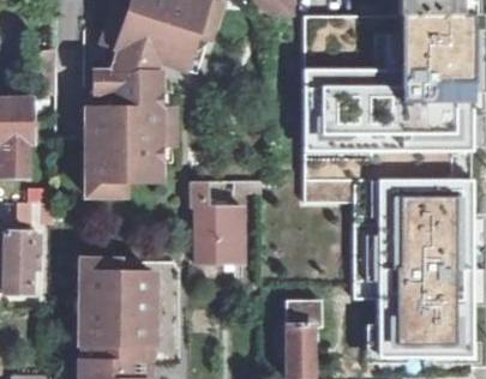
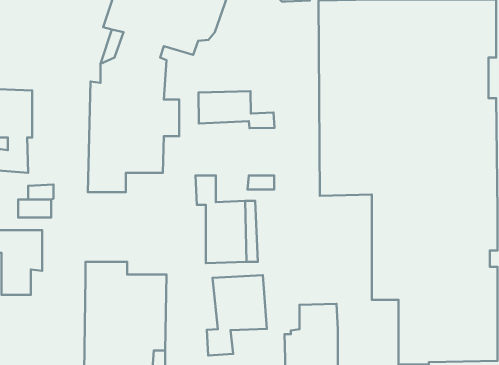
building: none -> [198,91,274,128]
building: none -> [207,275,267,356]

